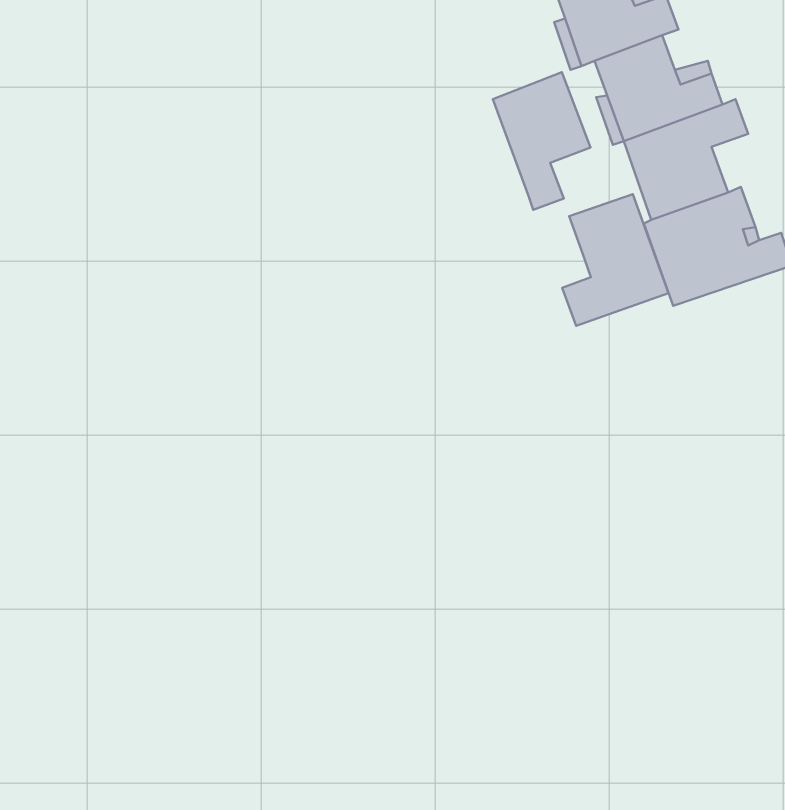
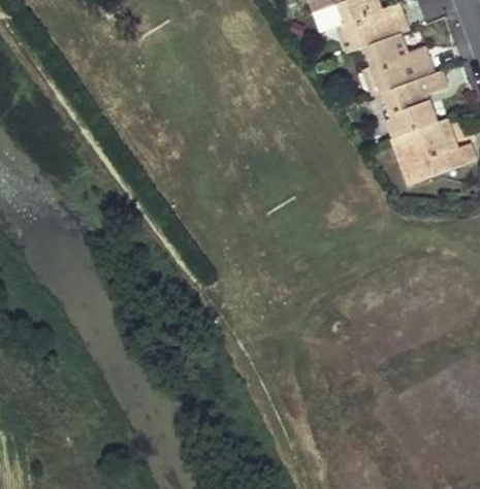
building: [493,72,590,210] -> none
building: [562,194,669,326] -> none

